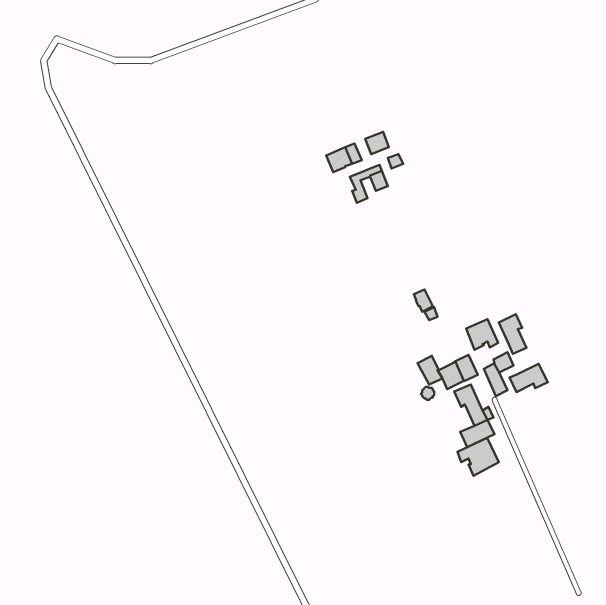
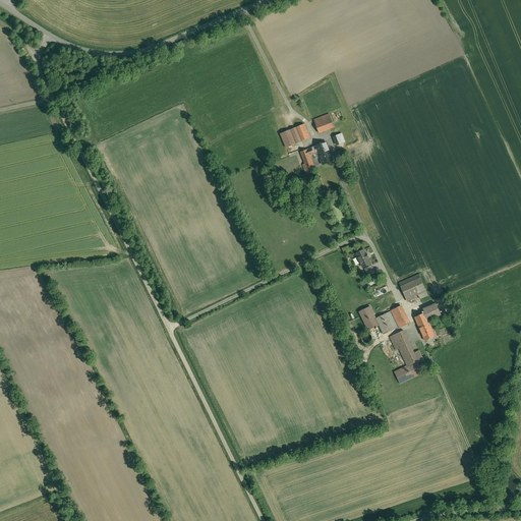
building: [499,314,526,354] -> none
building: [509,364,548,392] -> none
building: [458,438,499,476] -> none

